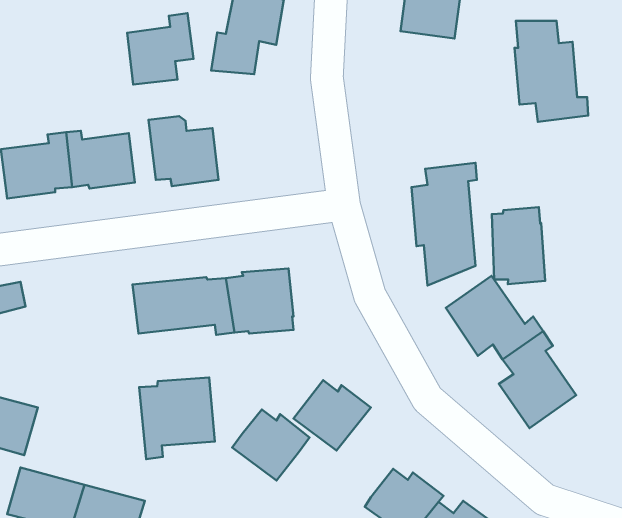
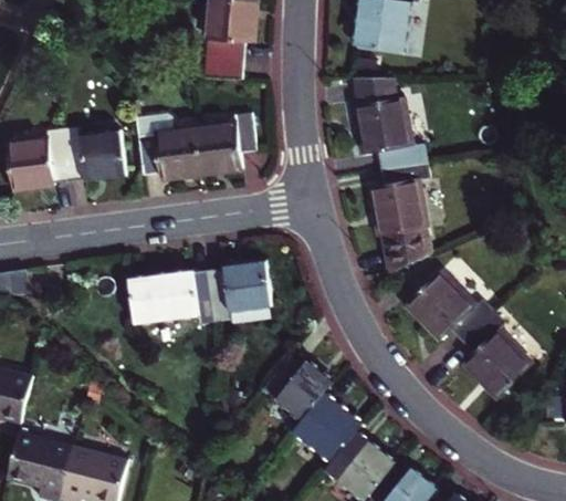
building: [127,13,193,85] -> [191,113,251,177]
building: [515,21,588,122] -> [361,76,428,167]
building: [492,207,545,284] -> none
building: [139,377,215,459] -> none
building: [232,409,310,481] -> [294,398,364,462]

